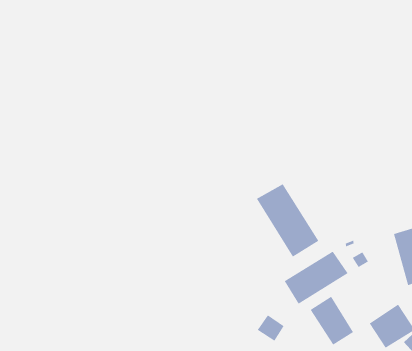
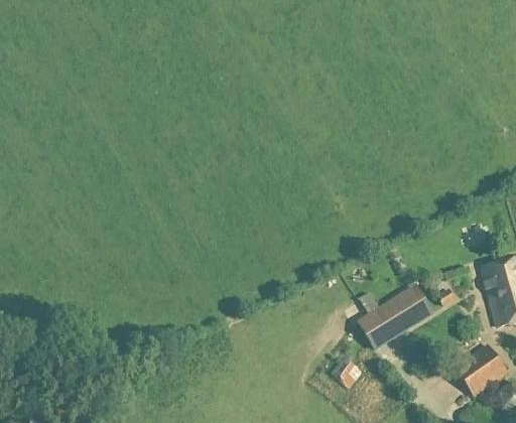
building: [256,183,319,258] -> none
building: [310,296,354,346] -> none

